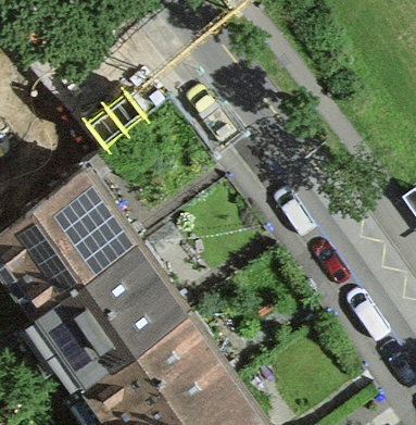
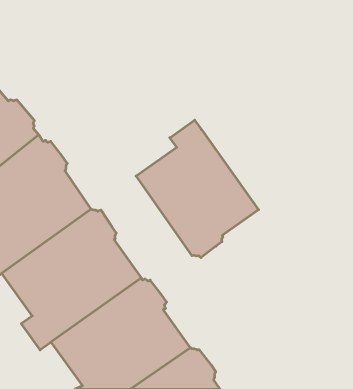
building: none -> [136,120,259,258]

